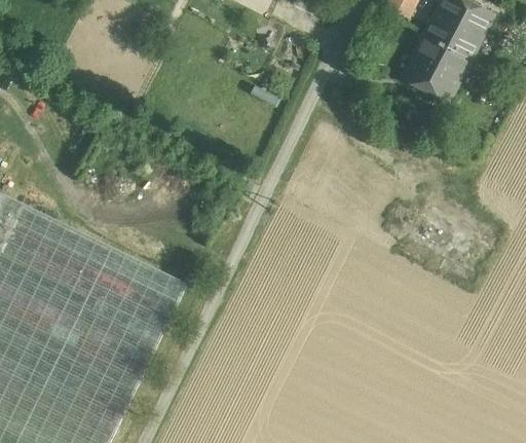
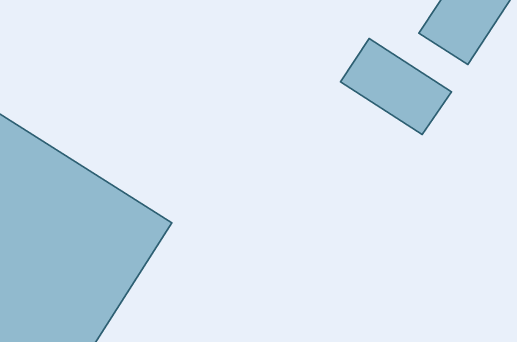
building: none -> [341,38,451,134]

